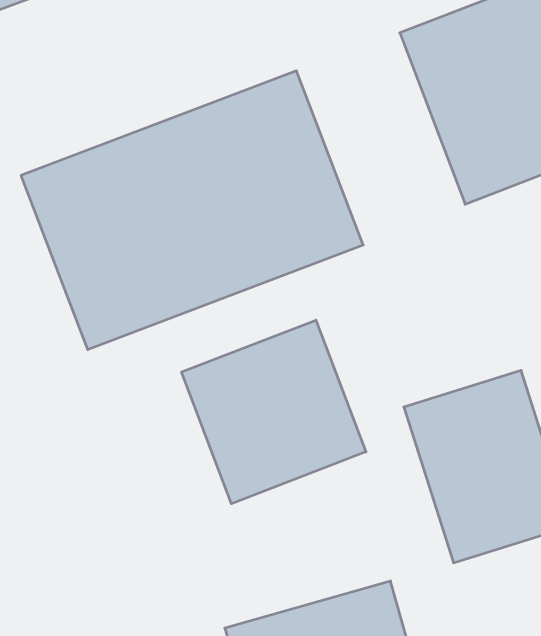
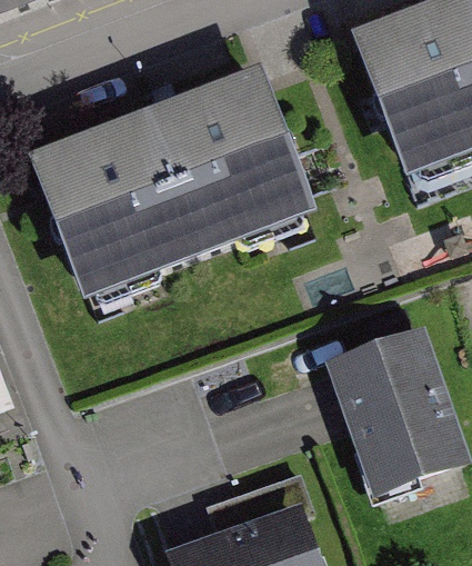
building: [182,320,366,504] -> none

